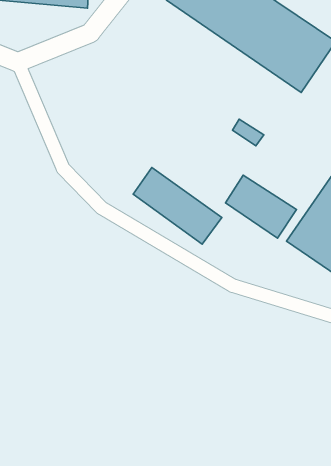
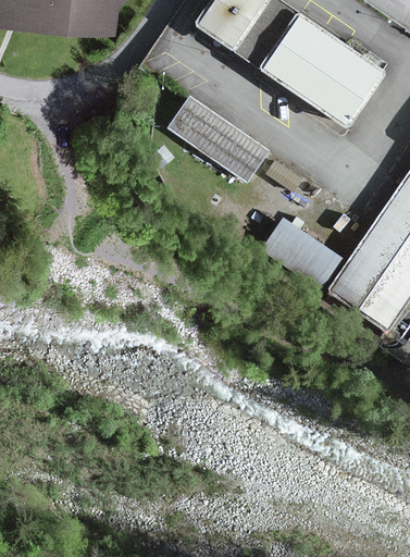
building: [133,168,222,244] -> [171,99,269,184]

